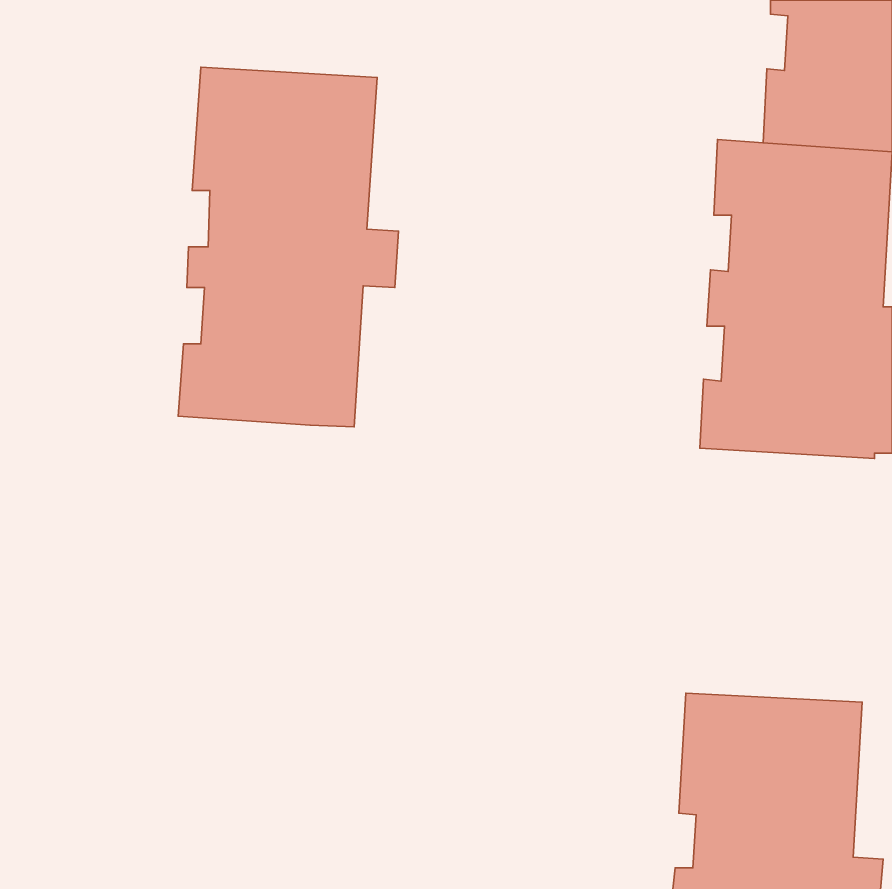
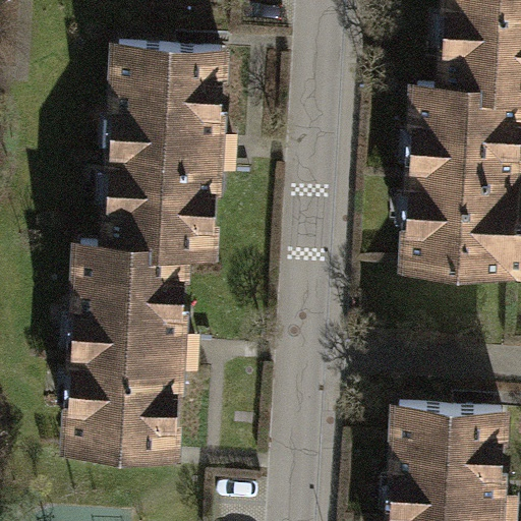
building: none -> [65,246,191,454]

